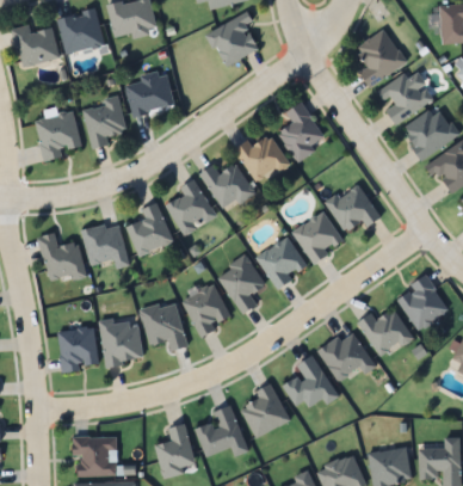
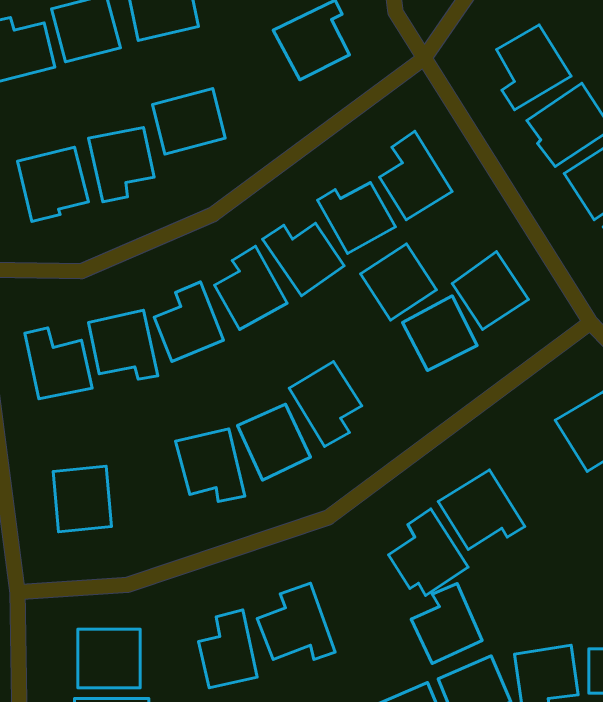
building: [257,235,308,287] -> [360,244,437,320]
building: [358,308,413,358] -> none
building: [100,316,142,364] -> none
building: [241,383,289,437] -> [411,584,482,663]

